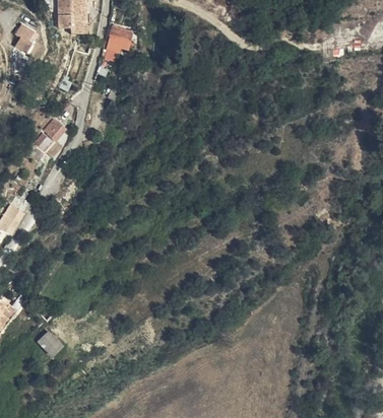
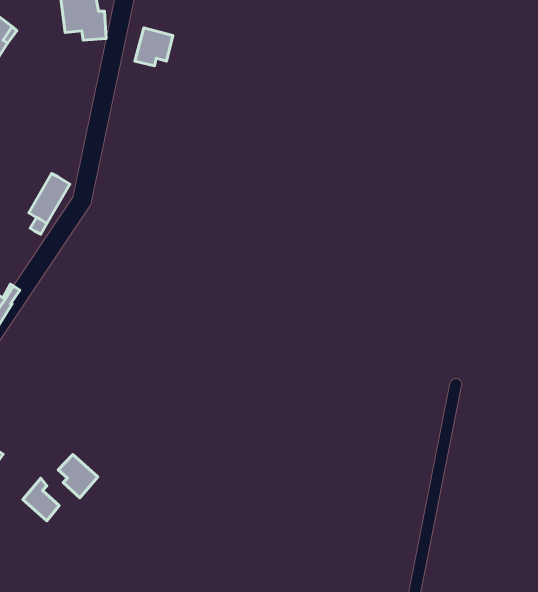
building: none -> [58,454,98,498]

